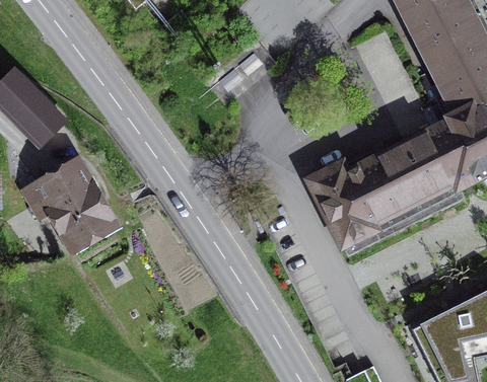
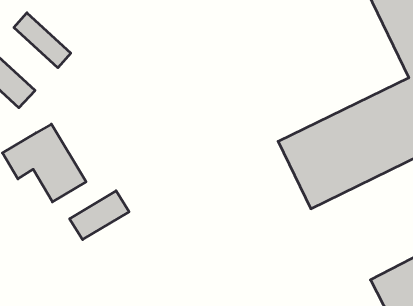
building: none -> [14,13,71,68]
building: none -> [70,191,129,240]

